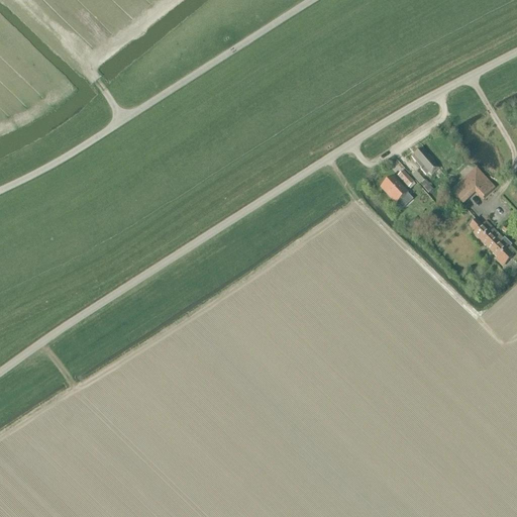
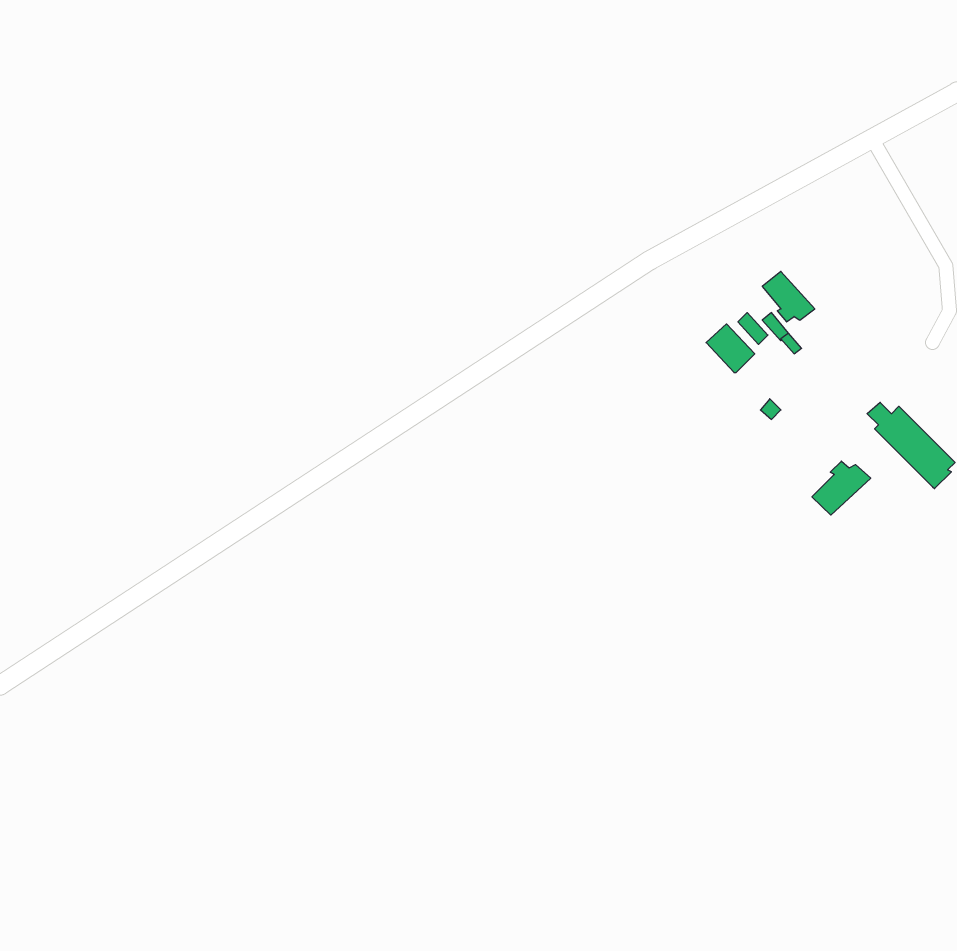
building: [451,169,493,200] -> none
building: none -> [812,461,871,515]

